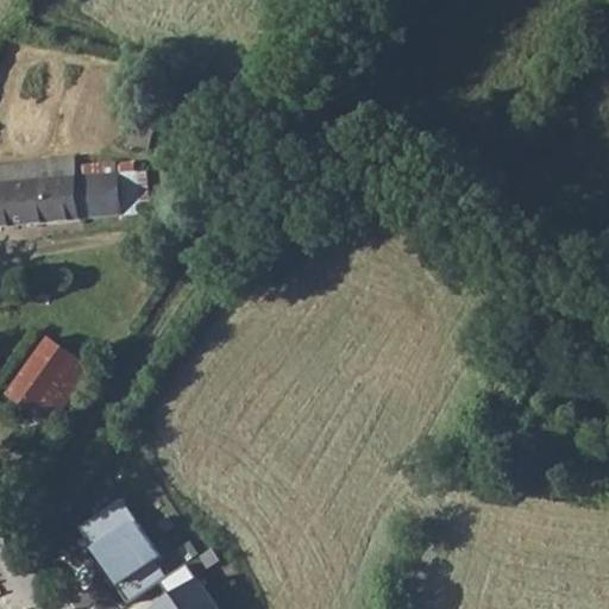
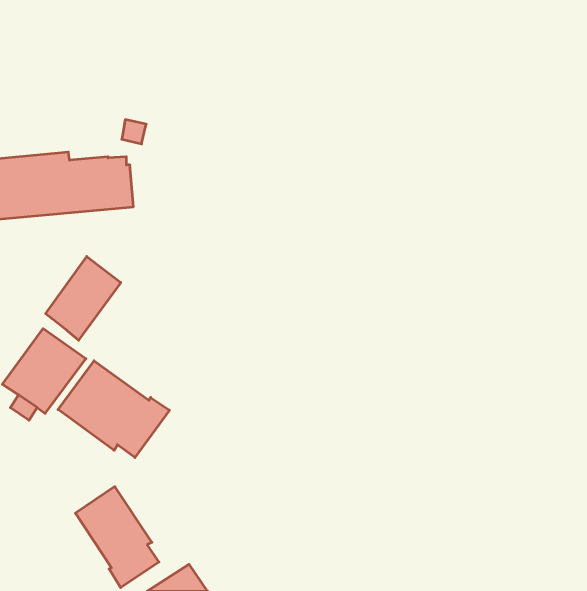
building: none -> [46,256,121,340]
building: none -> [58,361,169,458]

